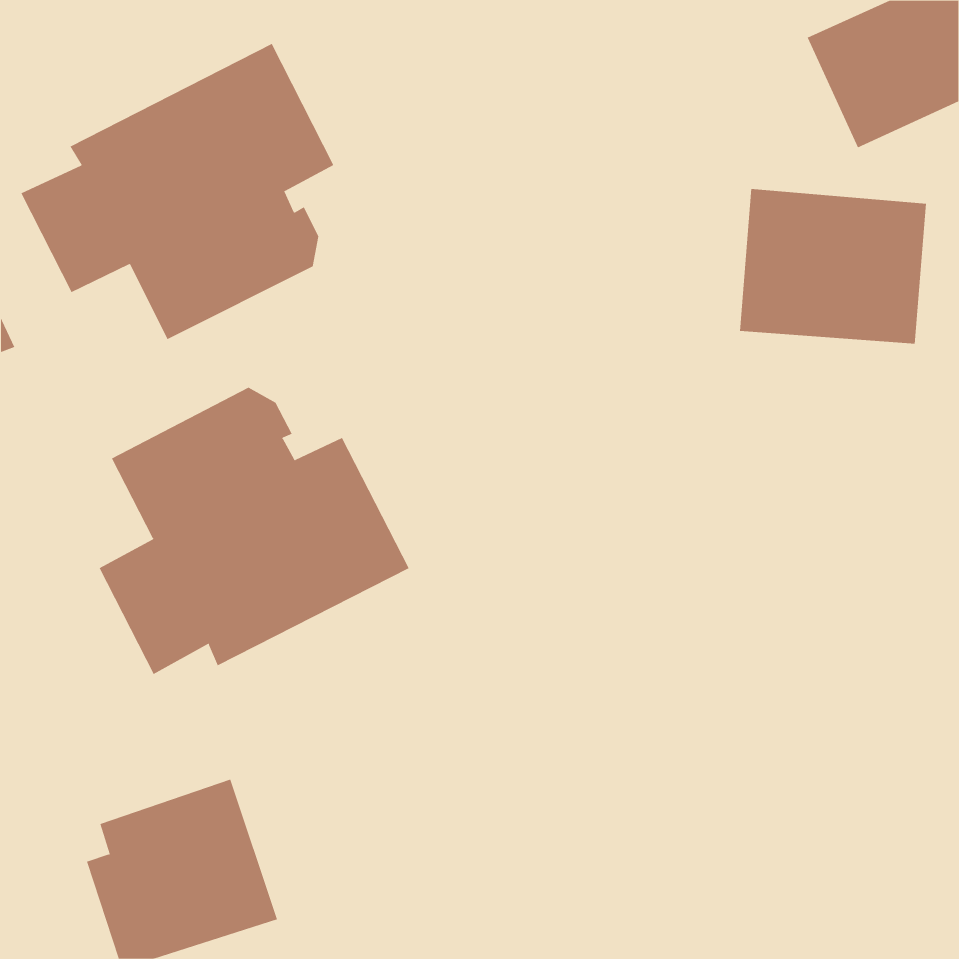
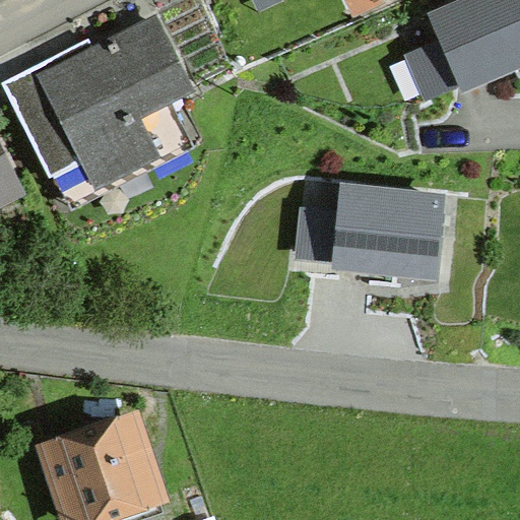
building: [739,189,927,344] -> [340,189,442,273]
building: [99,387,409,675] -> none

